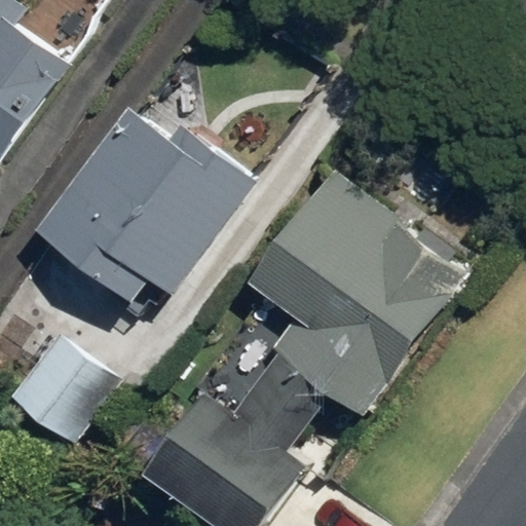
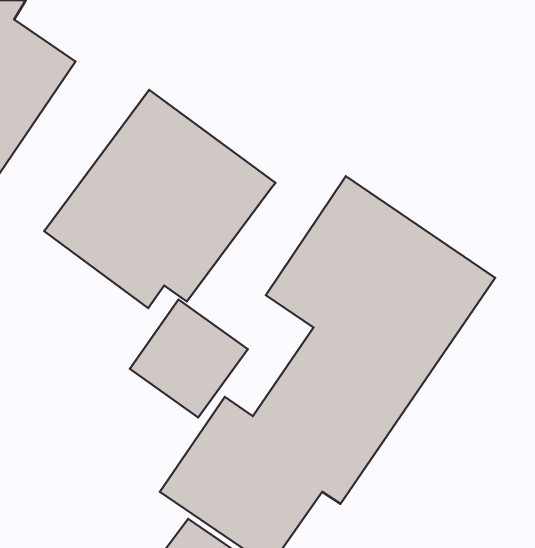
building: [9,331,121,443] -> [130,300,248,417]

